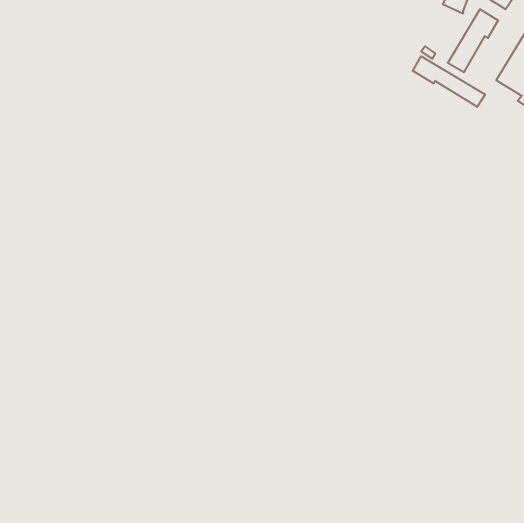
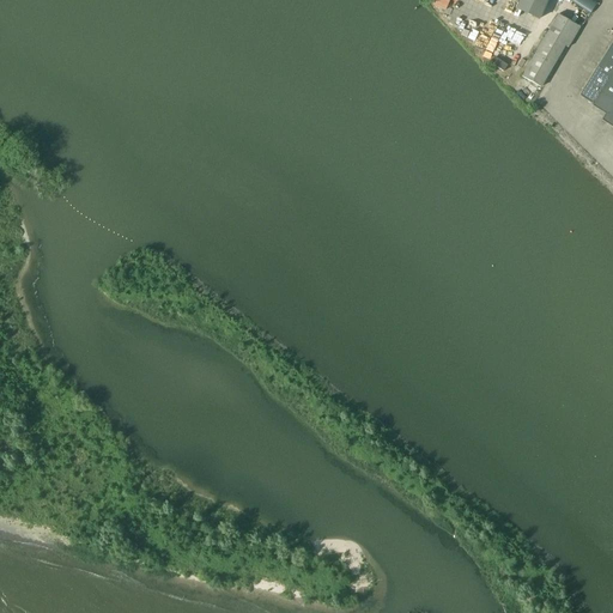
building: [413,56,485,107] -> none

